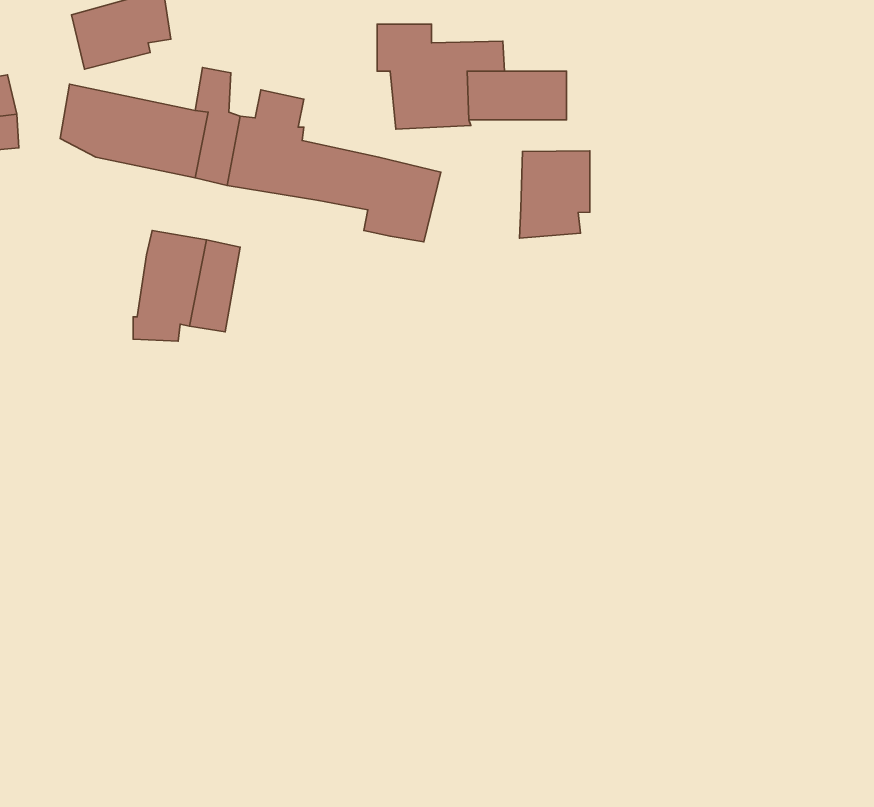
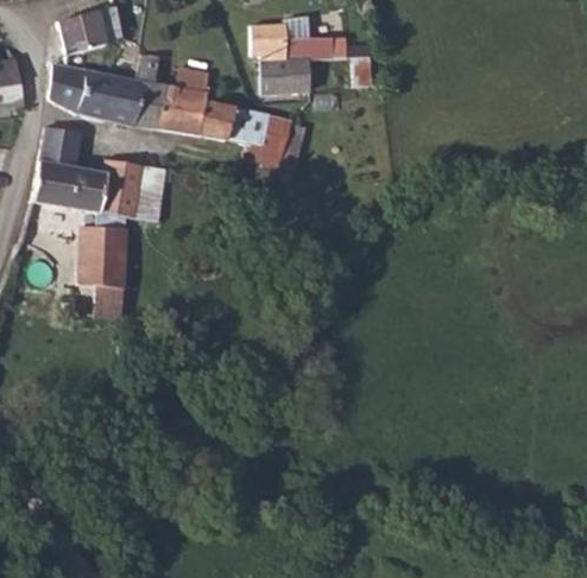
building: [519,151,590,238] -> none
building: none -> [32,126,105,211]
building: none -> [80,226,125,316]

